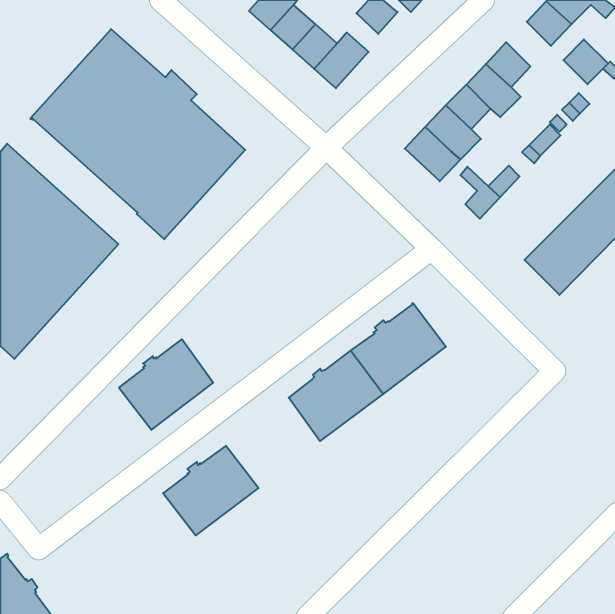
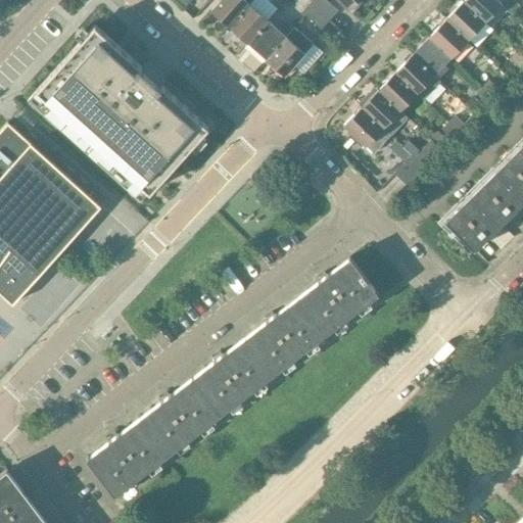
building: [563,39,608,84] -> [430,21,468,59]
building: [119,339,213,430] -> [193,339,273,416]
building: none -> [88,420,168,495]

